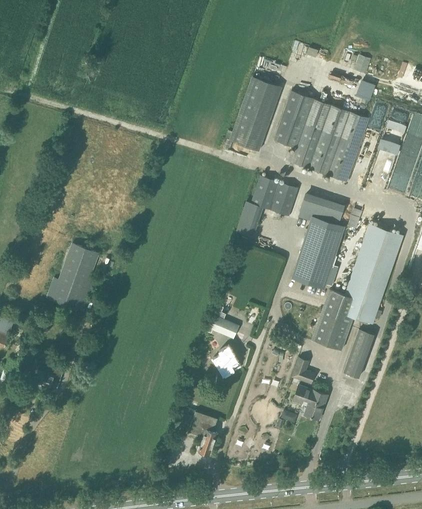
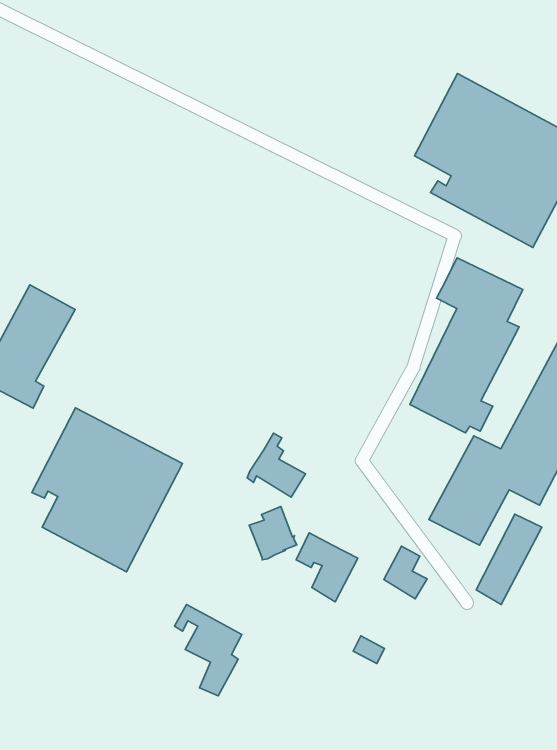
building: [231,77,282,150] -> none
building: [237,176,298,236] -> none
building: none -> [32,408,183,572]
building: [294,384,328,420] -> [296,533,358,602]

